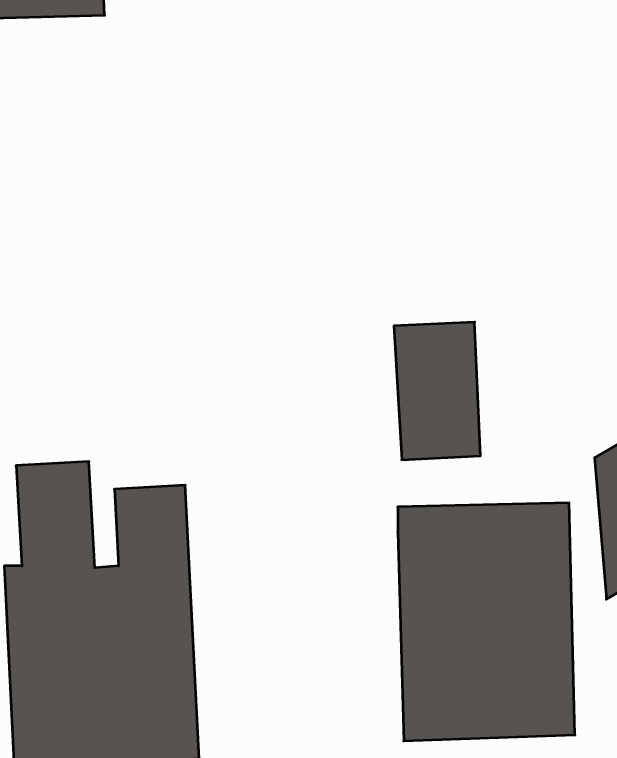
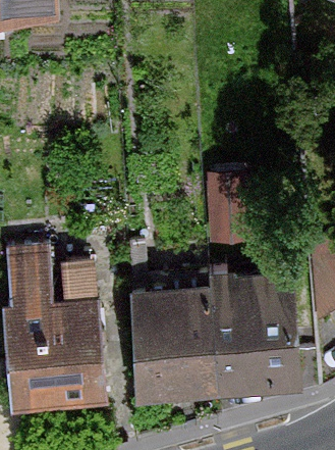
building: none -> [132,289,211,399]

